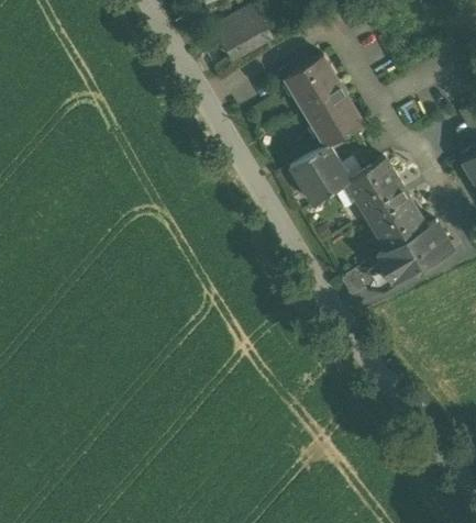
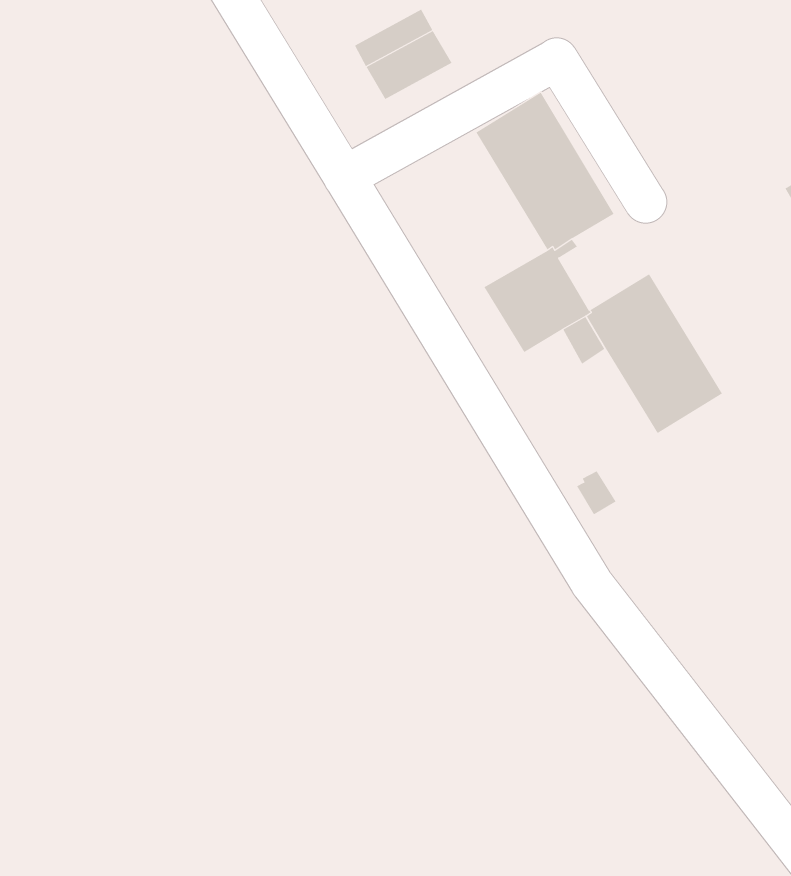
building: [375,221,453,283] -> none

